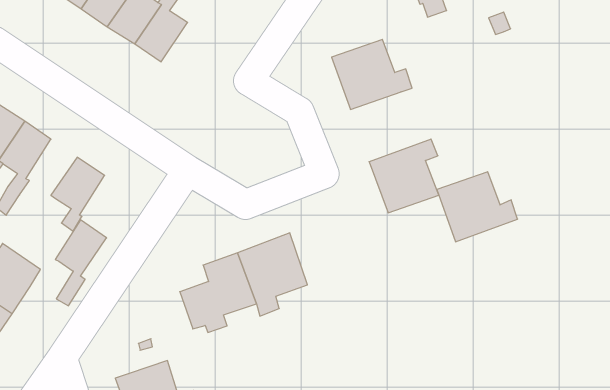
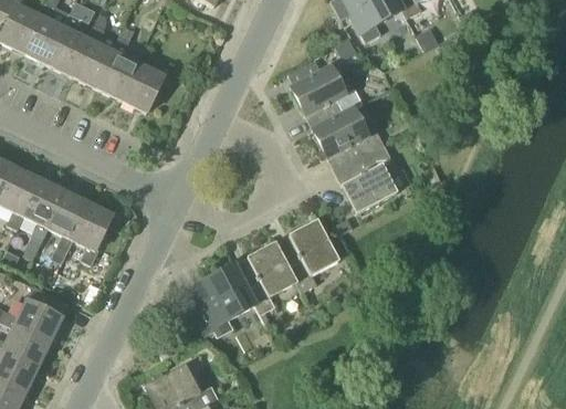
building: [437,172,518,242] -> [312,107,384,170]
building: none -> [275,218,339,291]
building: [55,220,107,306] -> [45,189,86,263]

